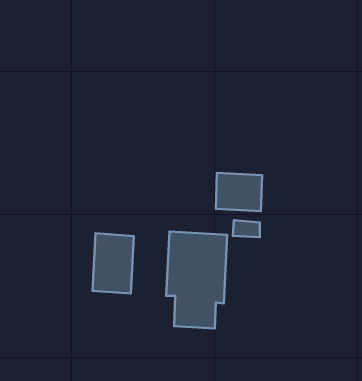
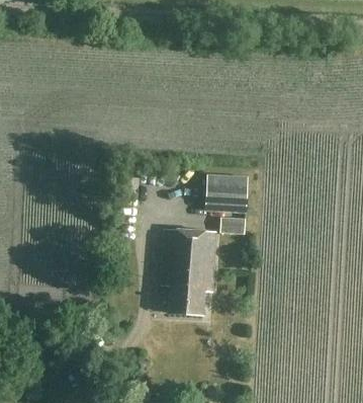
building: [93,233,134,294] -> none

